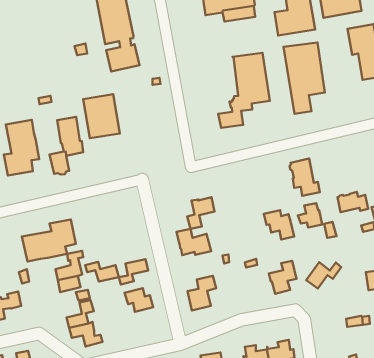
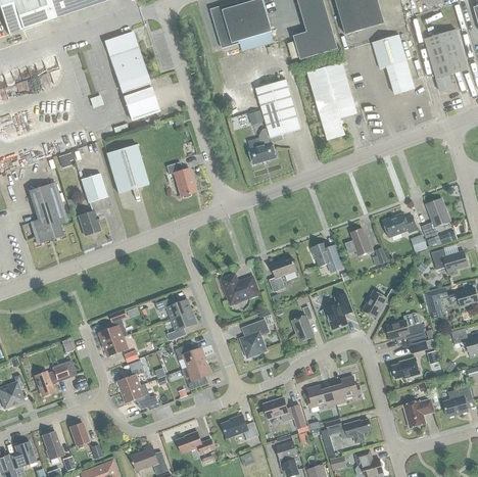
building: none -> [165,160,195,196]
building: [290,158,320,196] -> none
building: [187,197,214,229] -> [268,256,295,292]
building: [22,219,76,262] -> none
building: [85,262,119,282] -> [154,297,191,318]
building: none -> [290,305,313,341]
building: none -> [384,320,424,342]
building: none -> [182,360,210,389]
building: none -> [390,356,419,378]

